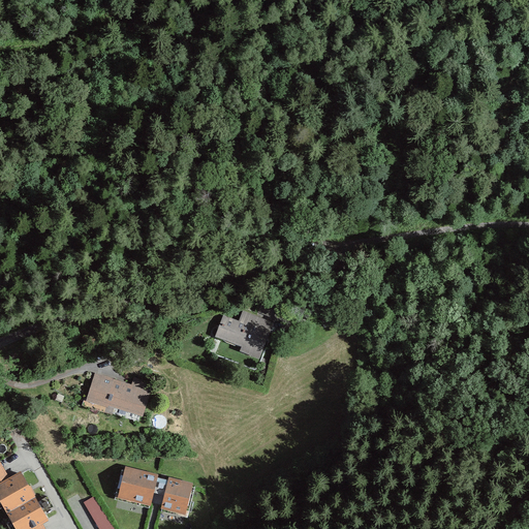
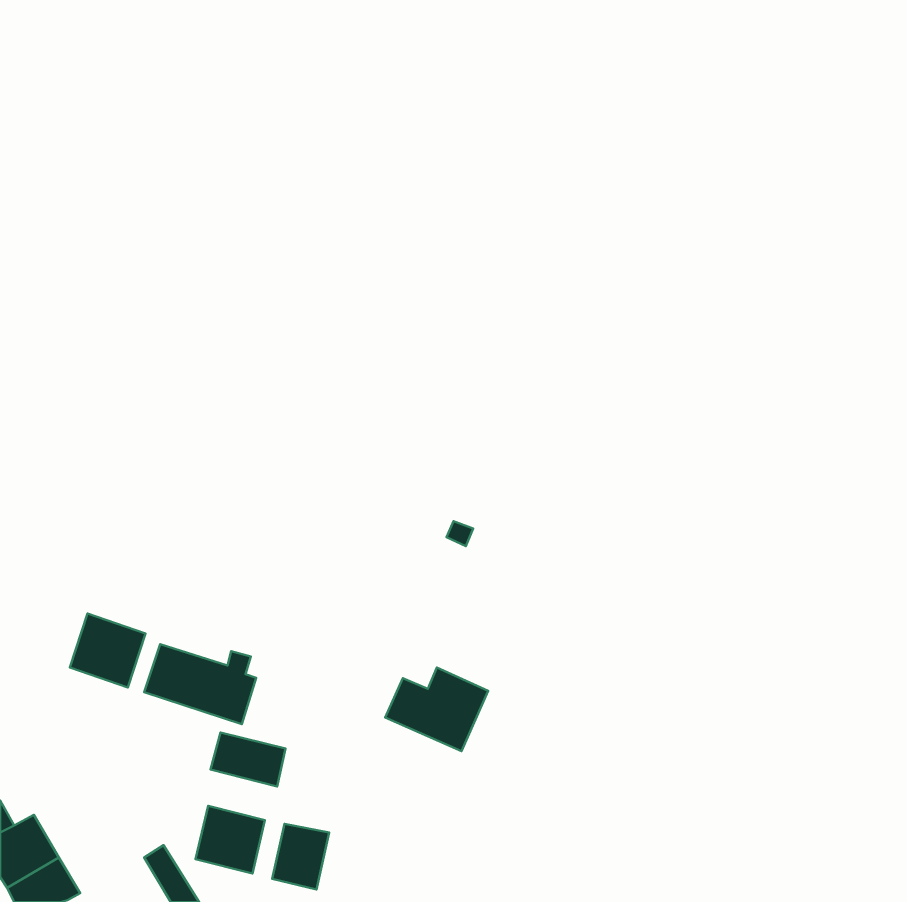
building: [212,309,272,357] -> [385,668,488,751]
building: none -> [70,614,146,687]
building: none -> [210,733,286,786]

